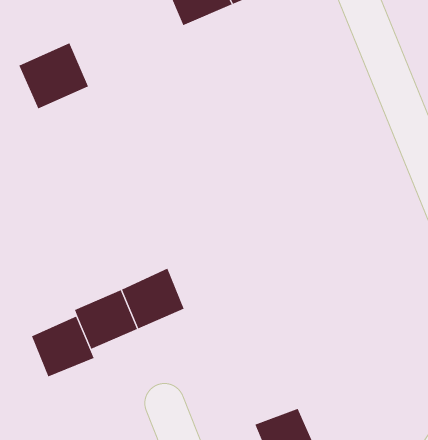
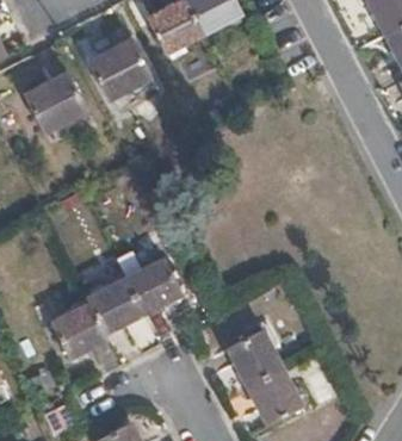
building: none -> [88,41,148,98]
building: none -> [229,330,283,384]

